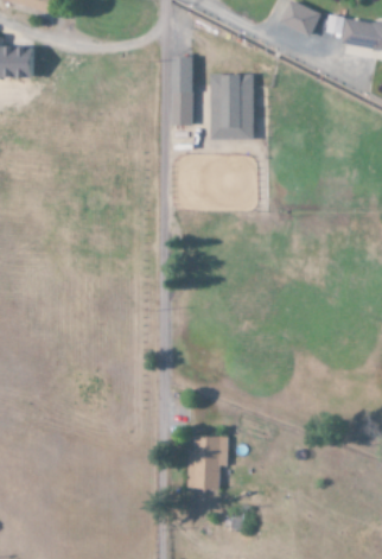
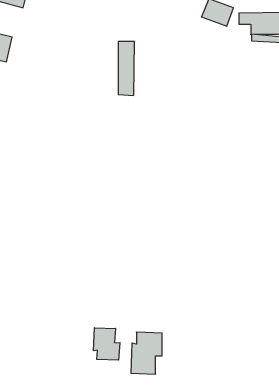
building: [211,72,254,139] -> none
building: none -> [93,328,120,360]

